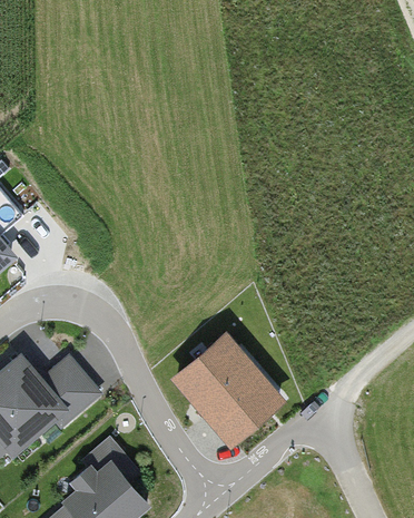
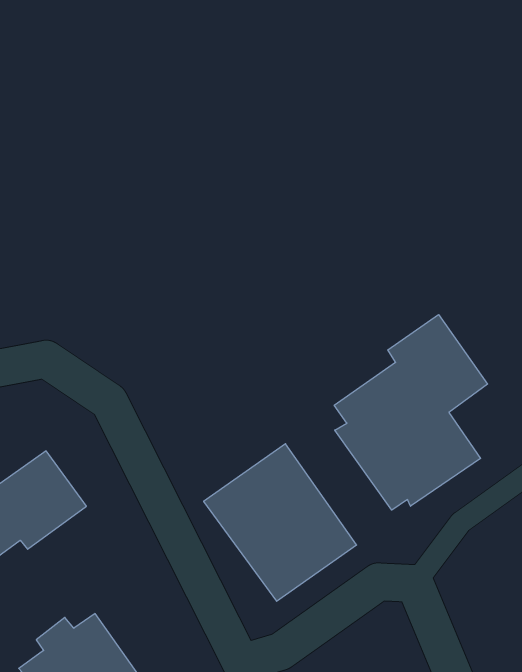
building: none -> [334,315,488,510]

